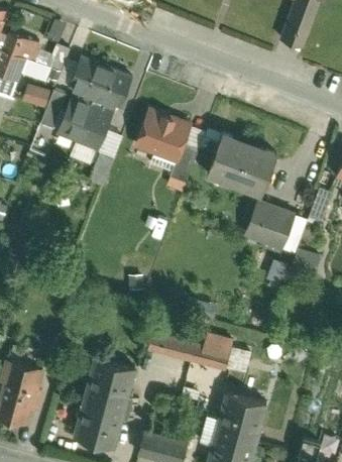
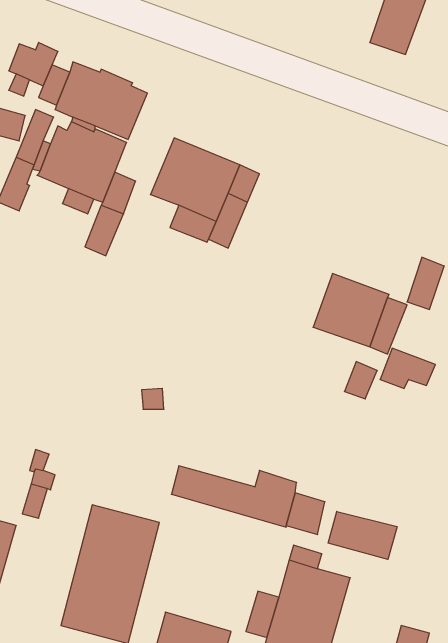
building: [206,131,279,197] -> none
building: none -> [328,511,397,559]

